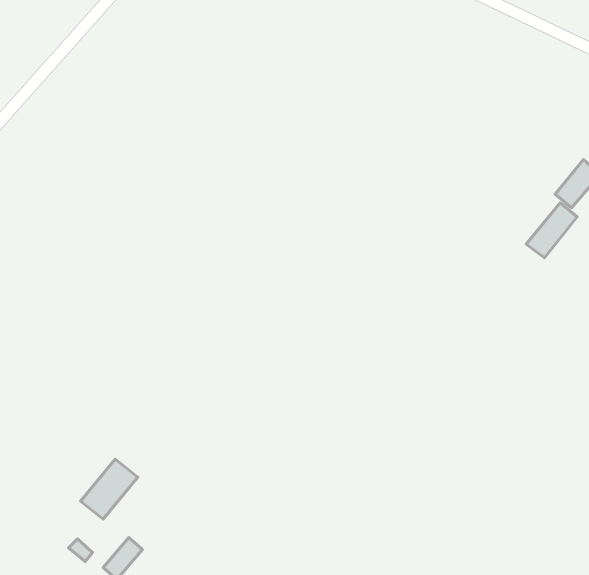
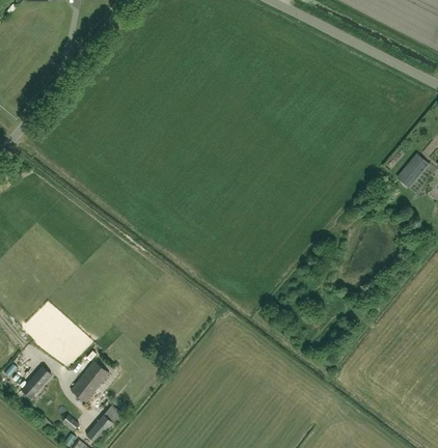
building: [526,203,577,258] -> none
building: none -> [20,366,53,399]

